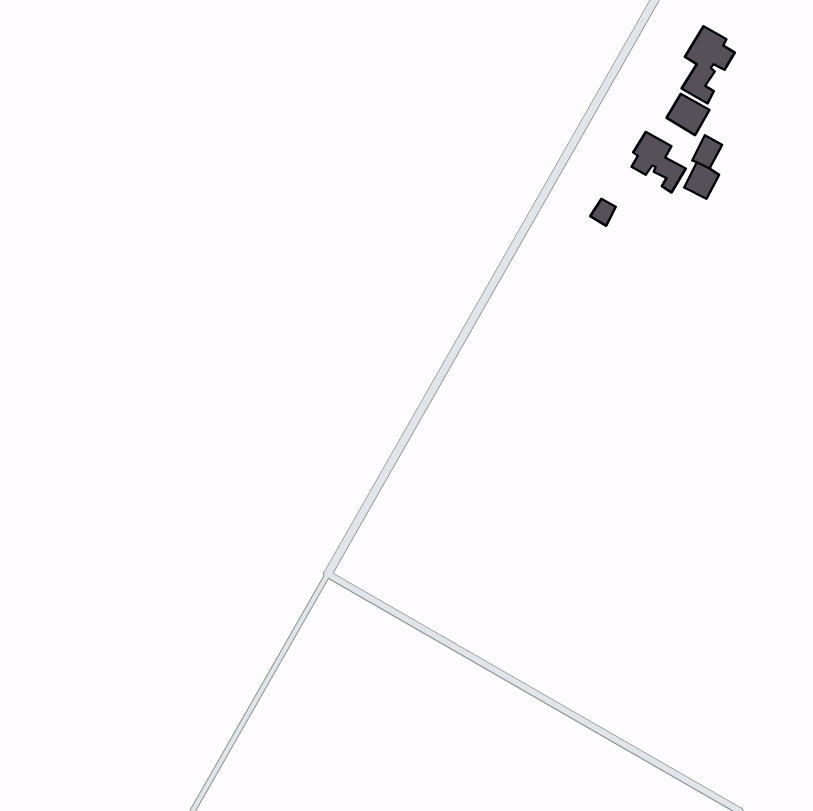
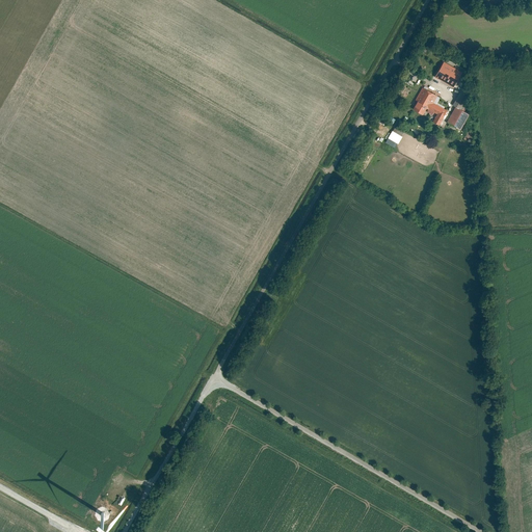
building: [681,26,735,103] -> none

